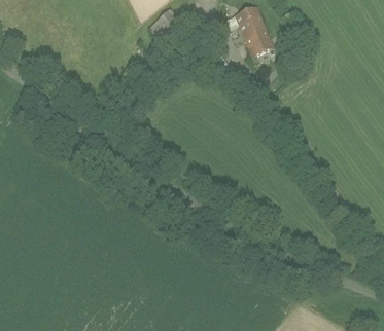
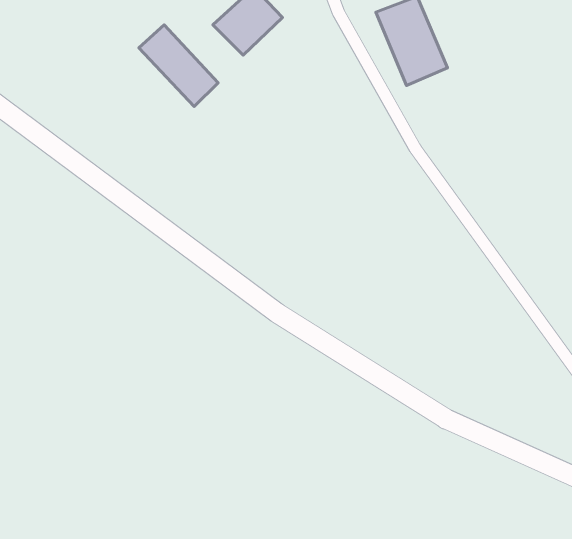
building: none -> [139,25,218,106]

